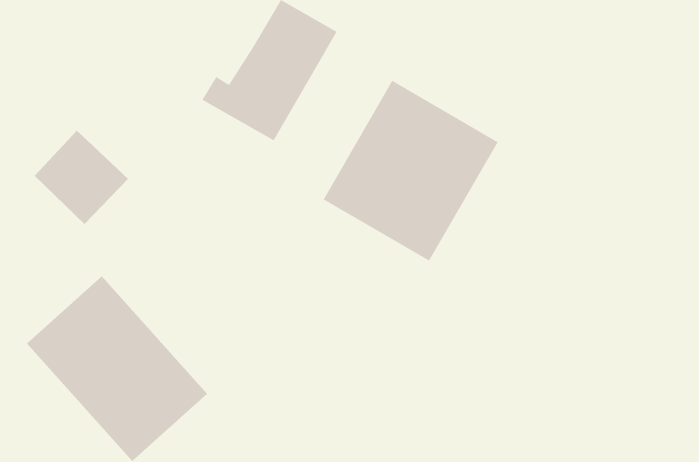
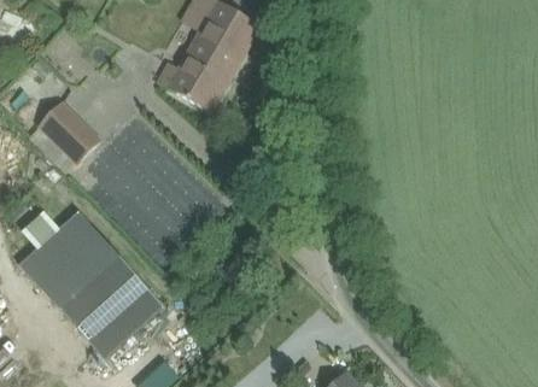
building: [323,80,499,262] -> none

